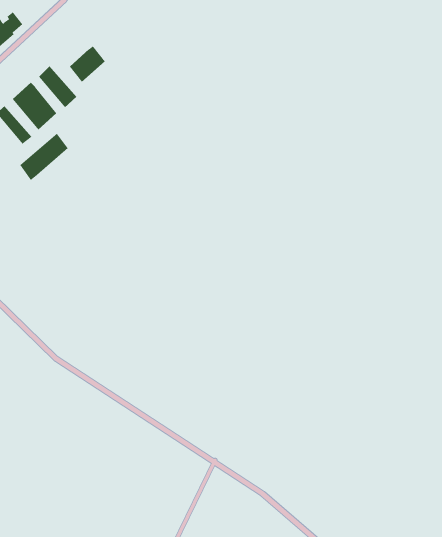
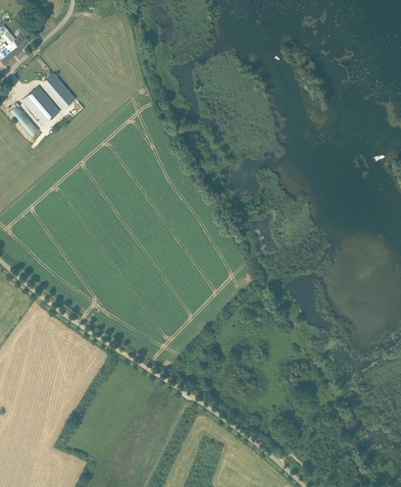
building: [69,45,106,82] -> none
building: [19,133,68,181] -> none

